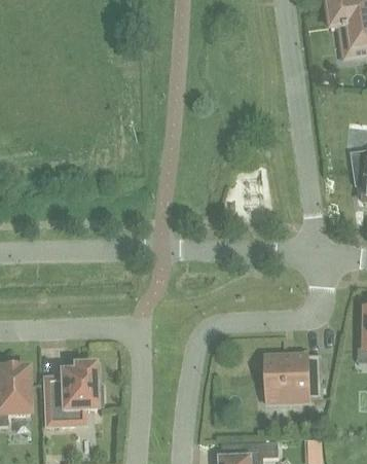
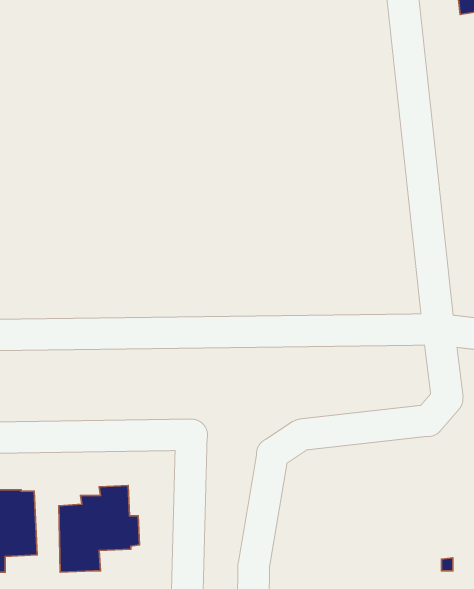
building: [265,355,323,400] -> none

